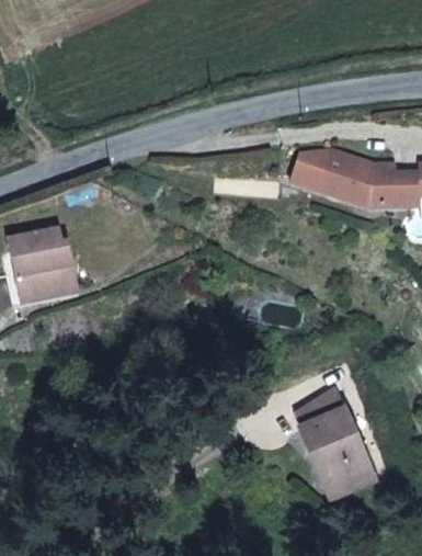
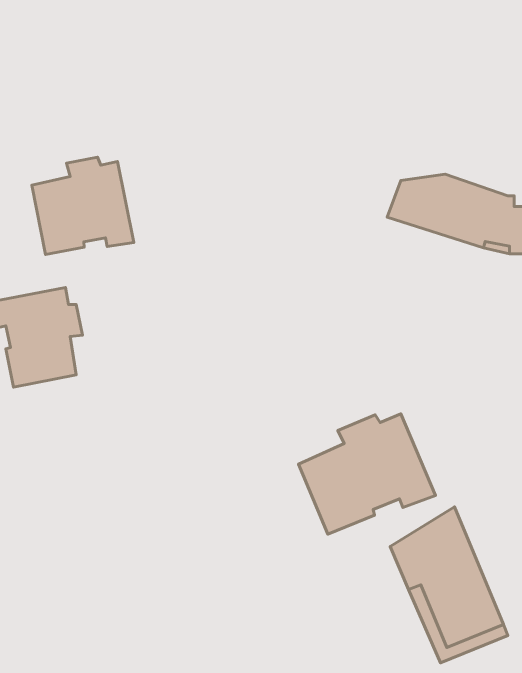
building: none -> [32,157,134,254]
building: none -> [299,414,435,534]

